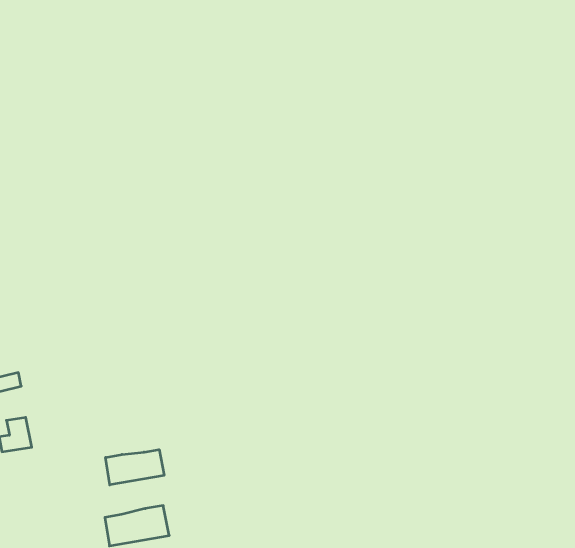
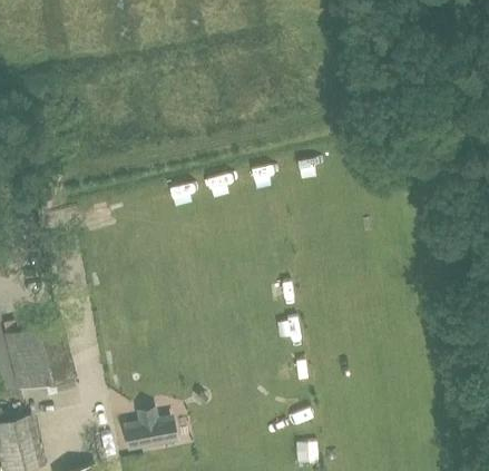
building: [106,450,164,485] -> none

